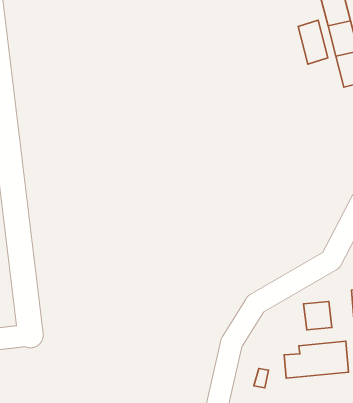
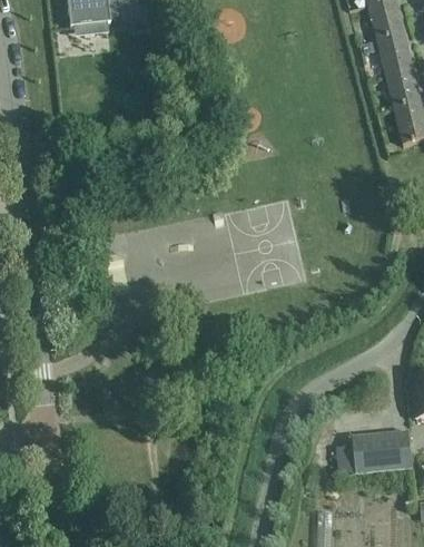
building: [298,20,328,64] -> none
building: [304,302,332,330] -> none

